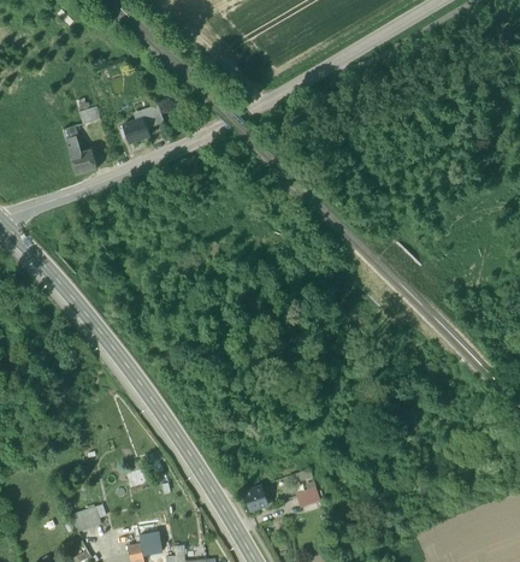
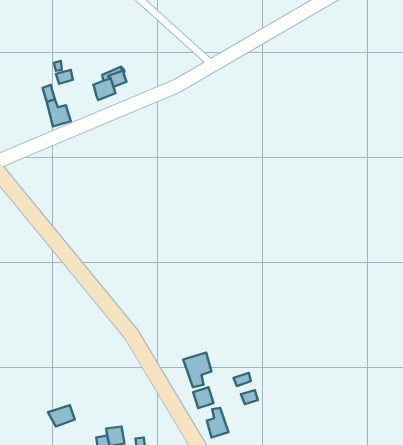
building: none -> [183,352,212,387]
building: none -> [207,408,228,438]

